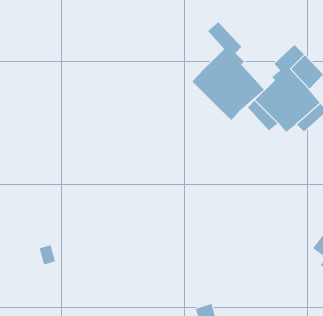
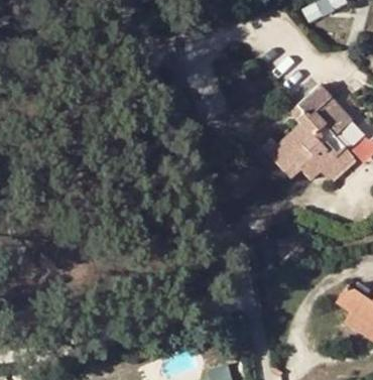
building: [192,21,265,121] -> none

